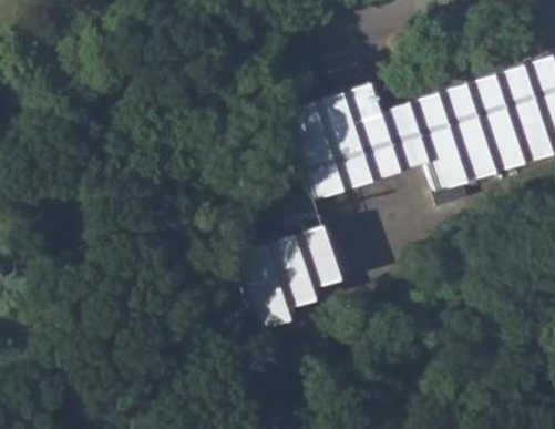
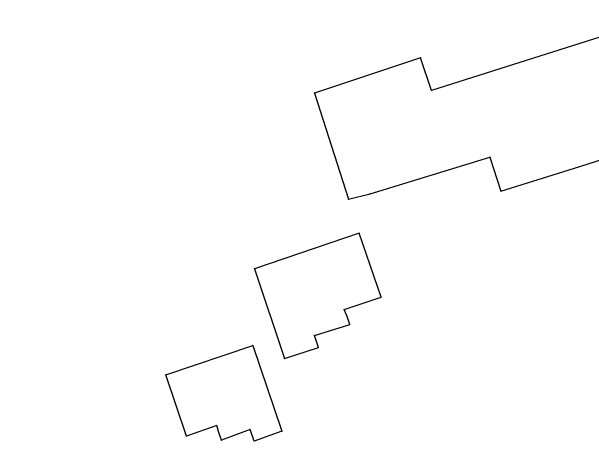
building: none -> [166,345,282,441]

